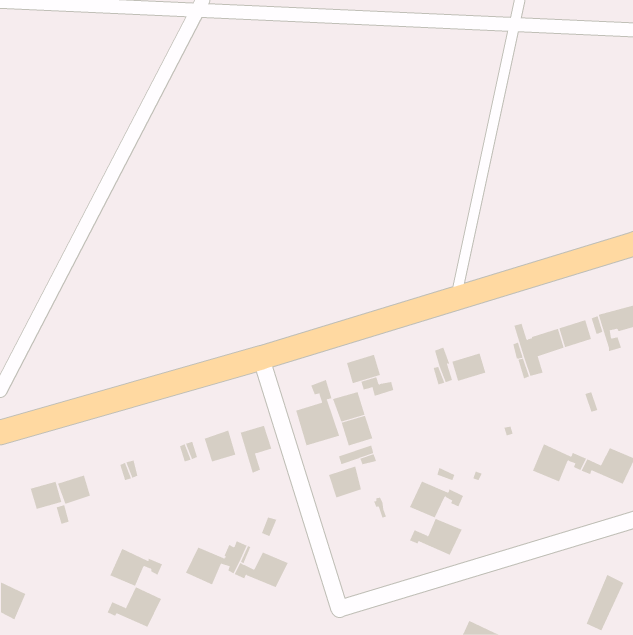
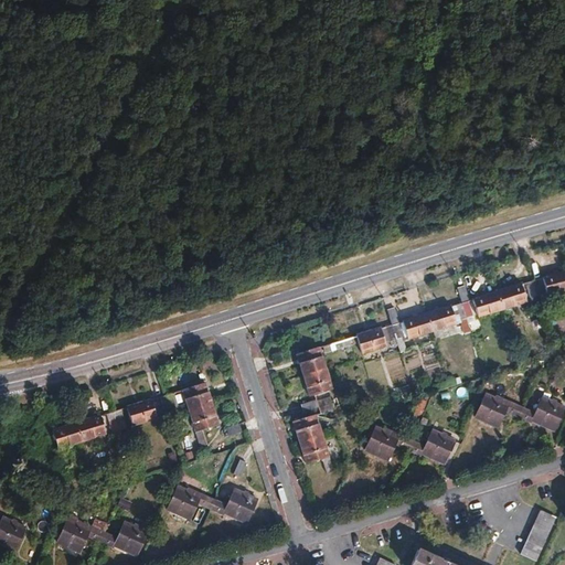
building: none -> [428,306,457,331]
building: [346,354,381,384] -> [356,328,387,354]
building: [295,379,340,446] -> none
building: [240,425,272,474] -> [190,404,218,447]
building: none -> [127,399,157,425]
building: [30,481,62,510] -> [77,415,106,440]
building: none -> [300,435,334,472]
building: [409,518,463,555] -> [409,430,457,463]
building: [109,548,163,587] -> [54,520,102,554]

